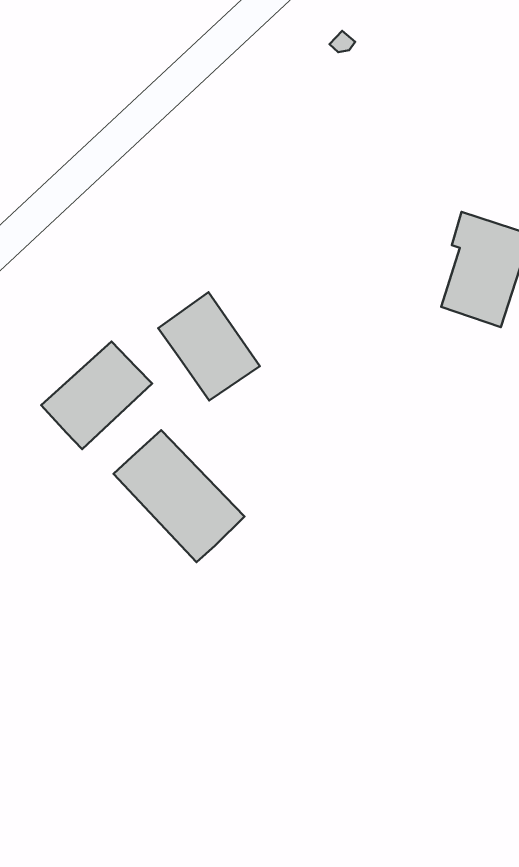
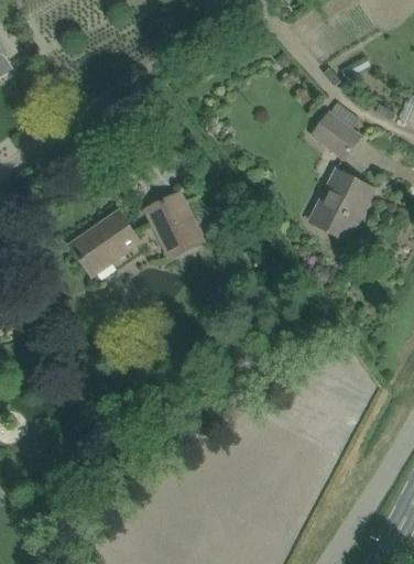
building: none -> [312,111,360,158]
building: [113,430,245,562] -> none

